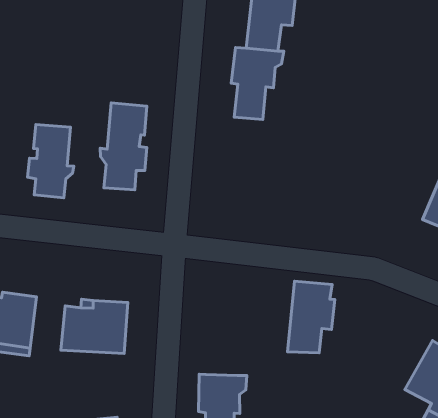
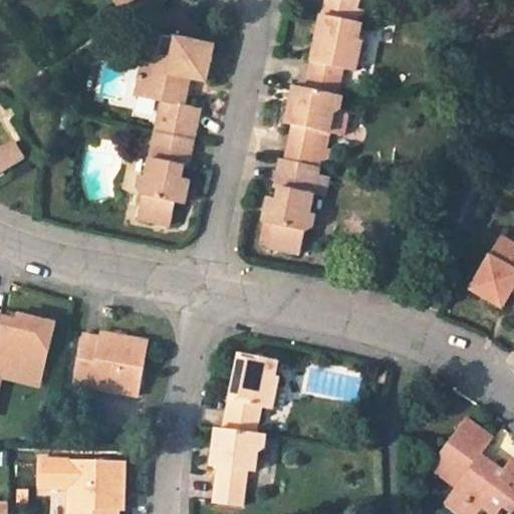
building: none -> [136,34,213,138]
building: none -> [263,159,320,254]
building: [28,124,74,198] -> none
building: [287,281,335,353] -> [222,353,278,432]

